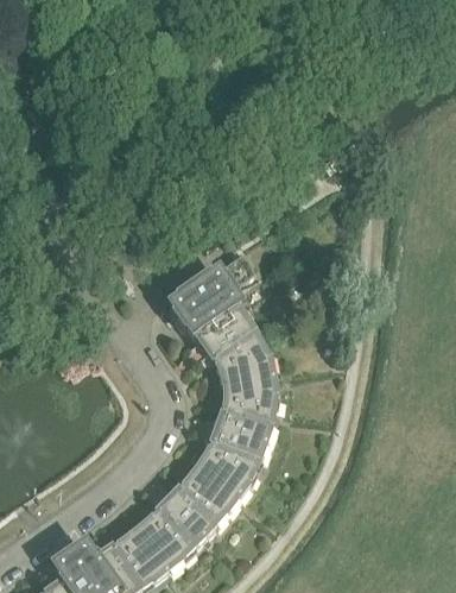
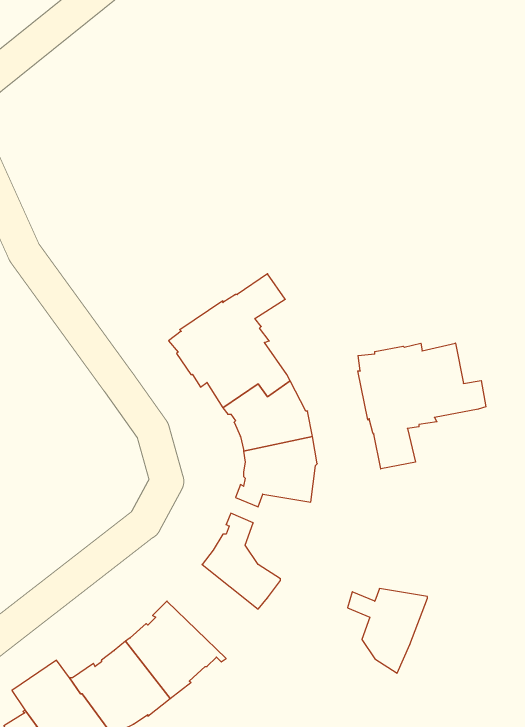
building: none -> [358,343,486,469]
building: [214,416,273,479] -> [348,589,427,673]
building: [166,468,234,538] -> none

